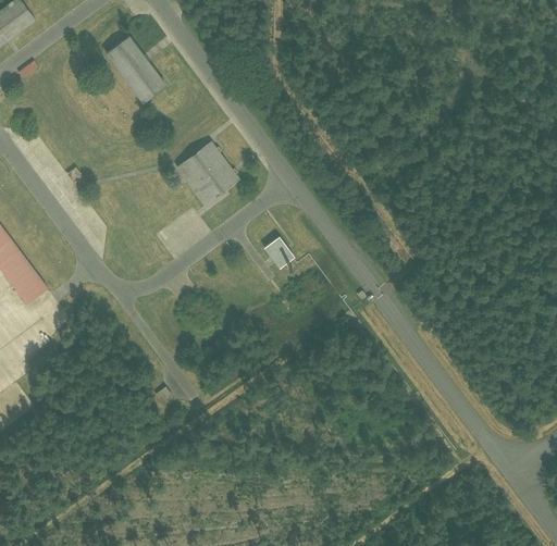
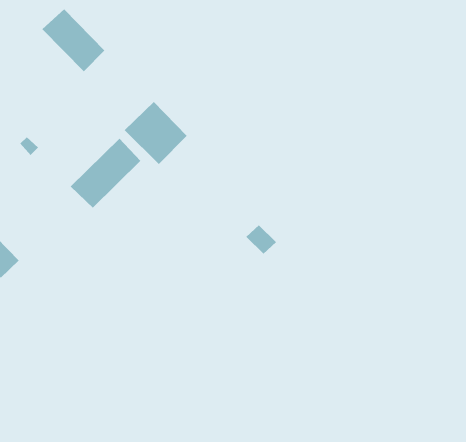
building: none -> [70,138,141,209]
building: [263,237,295,269] -> [246,224,277,254]

